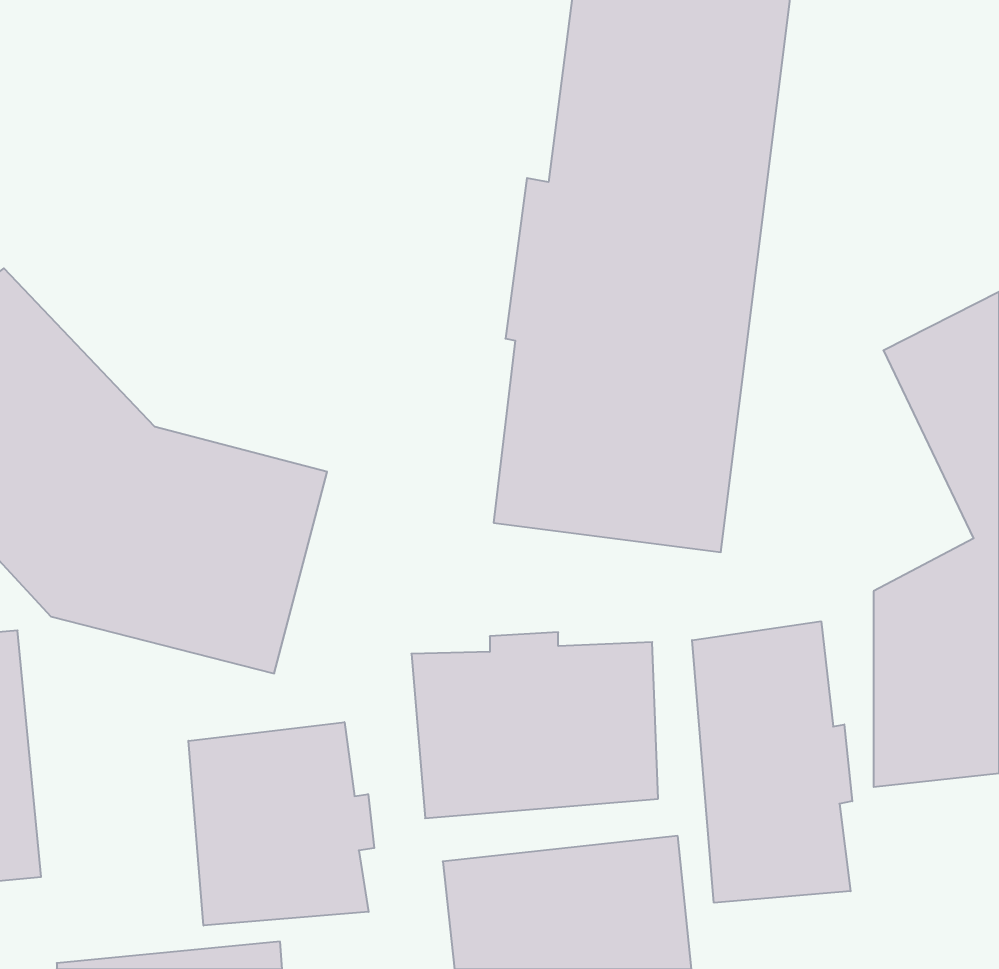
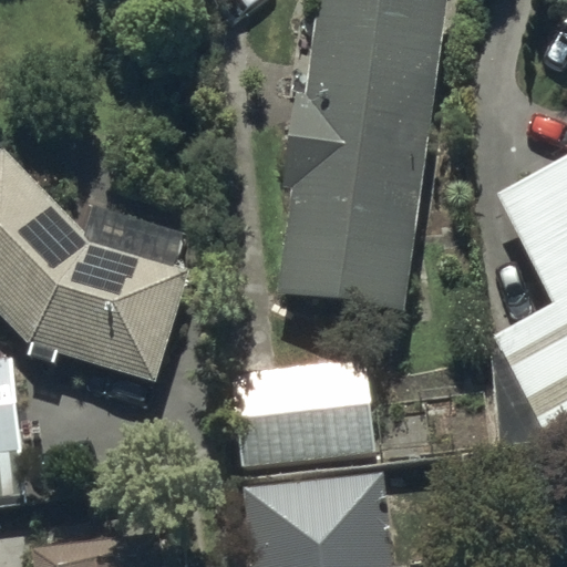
building: [692,621,852,903] -> none
building: [188,722,374,926] -> none

